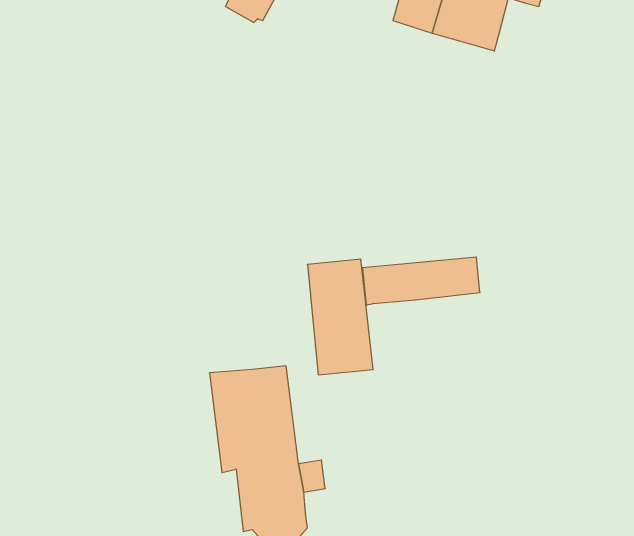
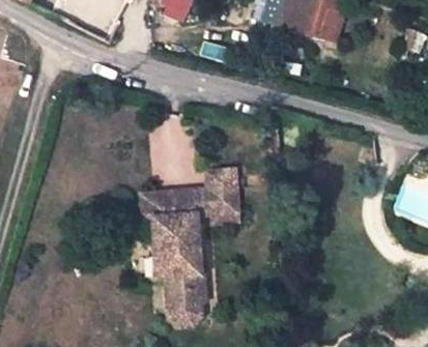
building: [362,257,480,305] -> [146,199,215,227]

